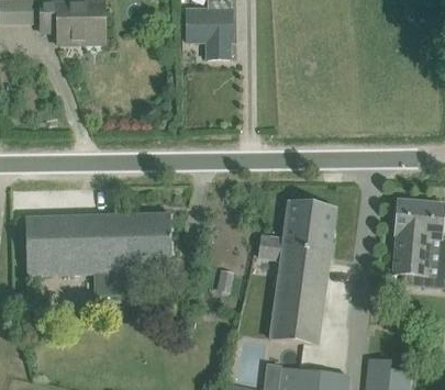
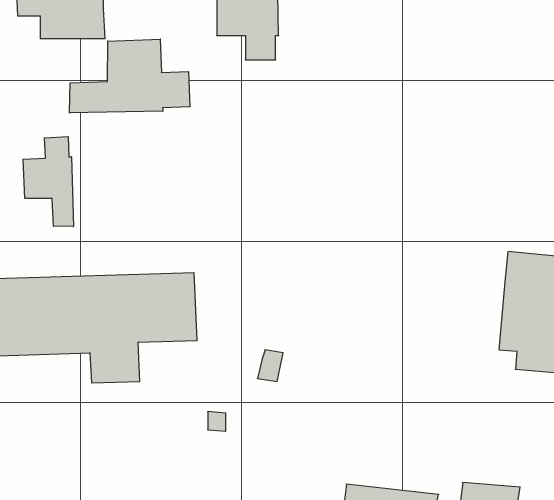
building: none -> [70,39,190,113]
building: none -> [23,137,73,227]
building: [260,201,335,342] -> none

